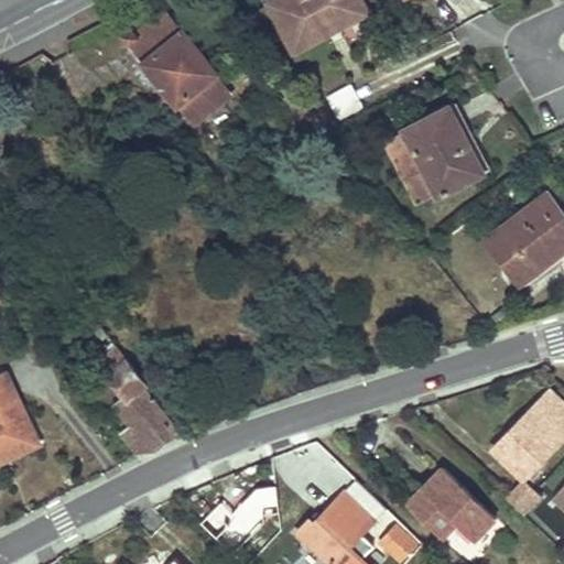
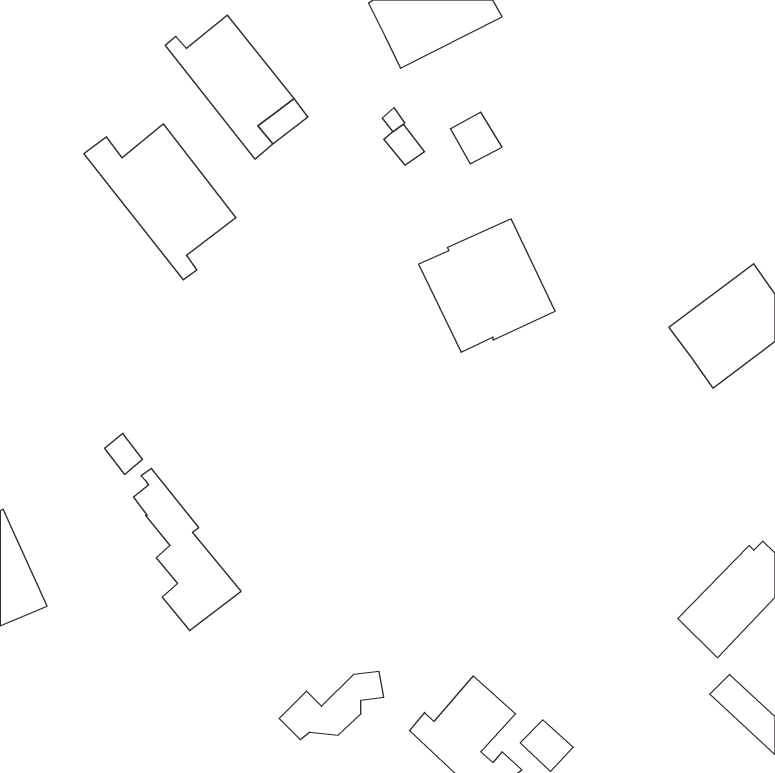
building: none -> [84,124,236,280]
building: [383,107,482,204] -> [419,219,555,352]
building: [404,466,496,541] -> none

